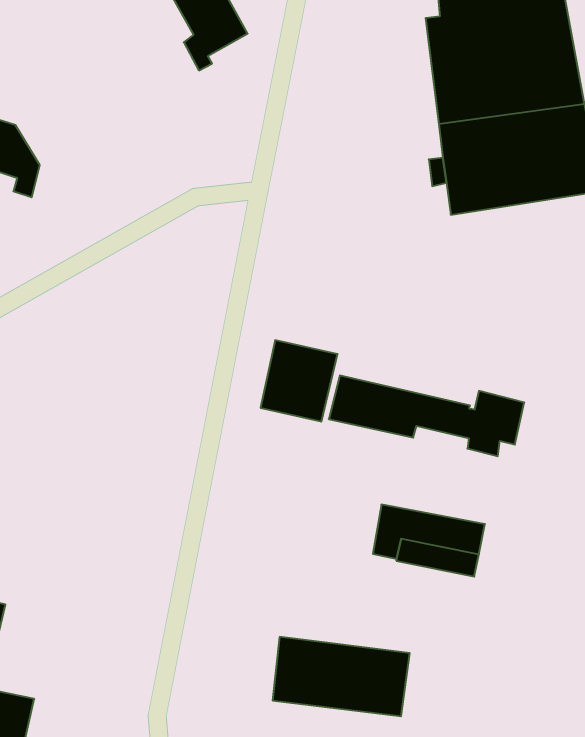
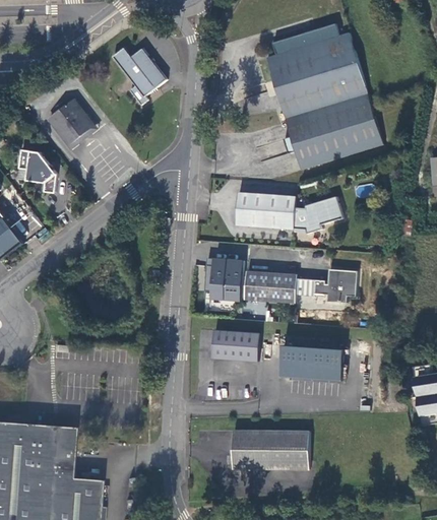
building: none -> [49,99,92,143]
building: none -> [236,192,342,234]
building: none -> [212,329,260,360]

